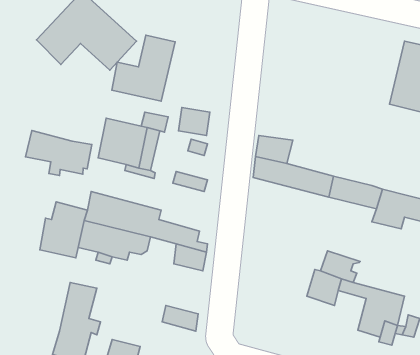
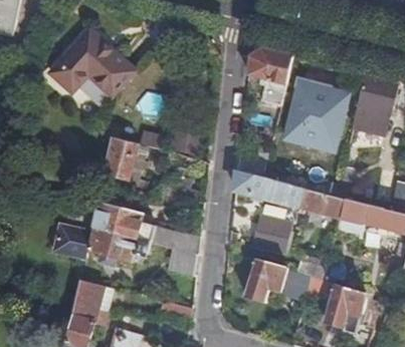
building: none -> [249,46,294,105]
building: [112,35,175,101] -> none
building: none -> [288,82,350,150]
building: [25,131,92,176] -> none
building: none -> [257,218,294,255]
building: none -> [247,260,289,303]

